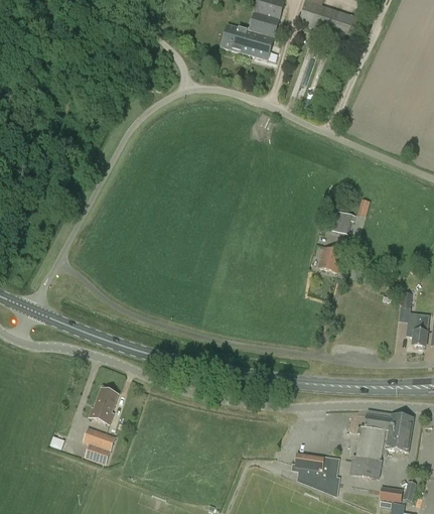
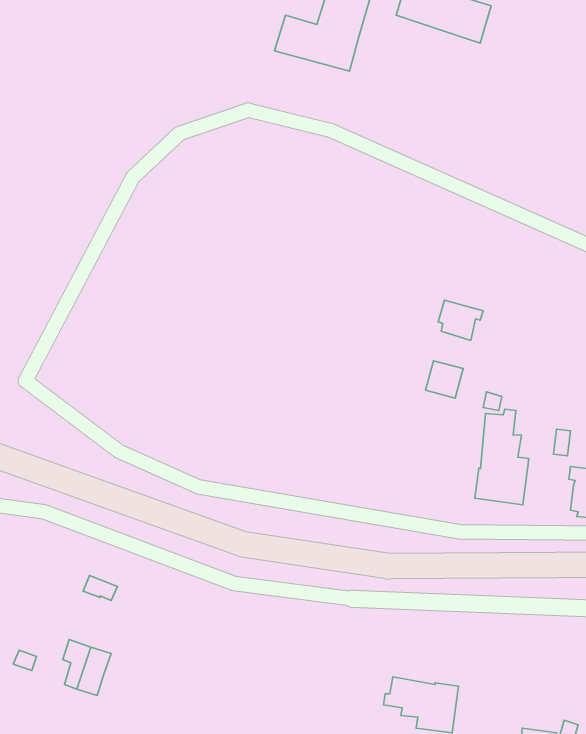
building: none -> [475,409,529,505]
building: [88,396,115,423] -> none
building: [350,410,414,478] -> none

